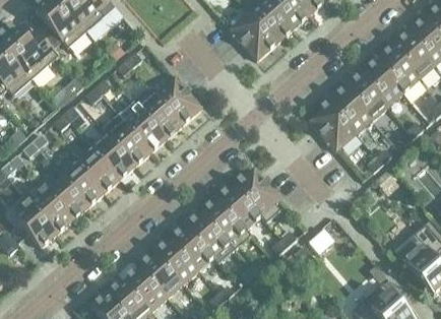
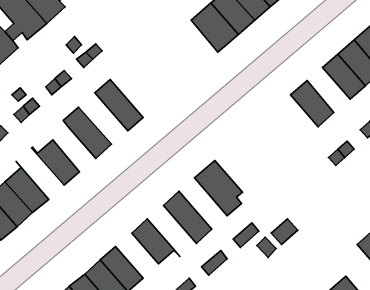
building: [344,75,387,120] -> none
building: [149,76,202,125] -> none
building: [118,101,167,151] -> none
building: [308,103,356,151] -> none
building: [92,134,135,179] -> none
building: [56,155,104,206] -> none
building: [217,185,265,236] -> none
building: [186,212,235,263] -> none
building: [154,240,197,284] -> none

